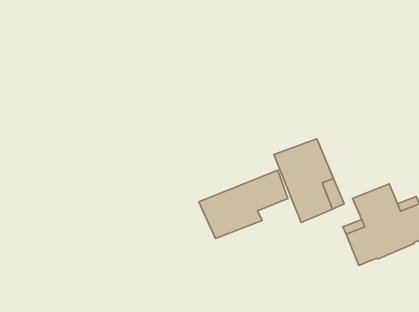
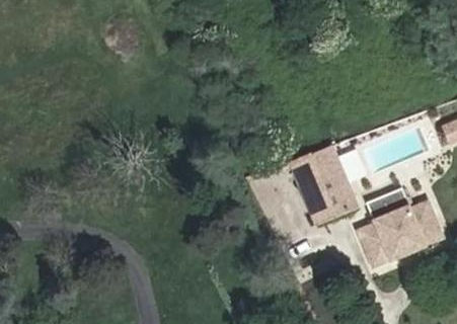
building: [199,170,288,238] -> none

